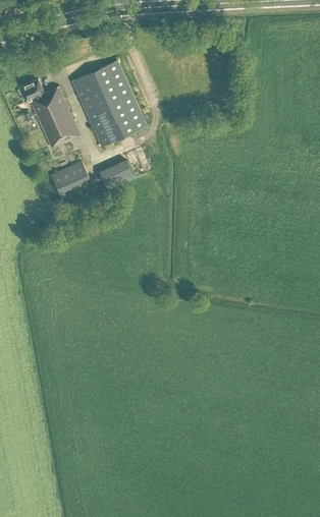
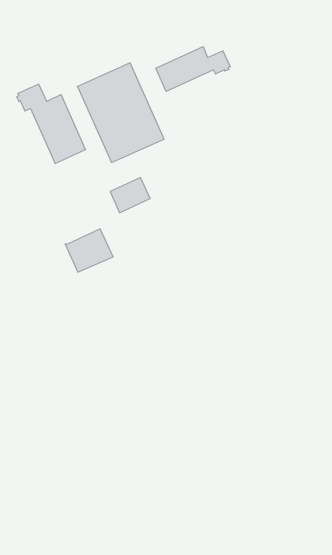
building: none -> [156,47,230,91]
building: [50,161,92,198] -> [65,229,113,272]

